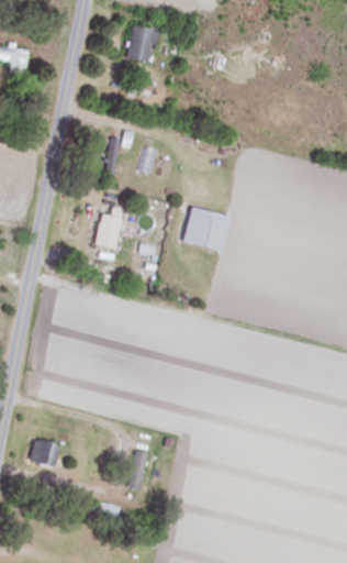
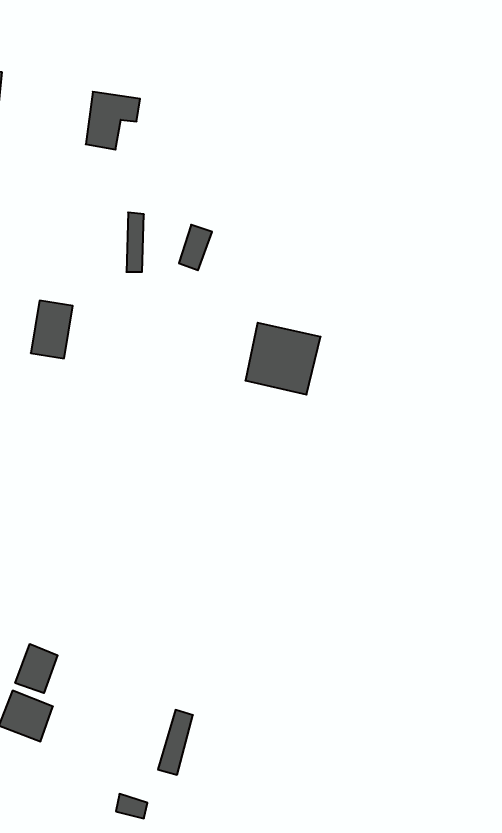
building: [127,25,161,62] -> [86,92,140,150]
building: [94,213,121,250] -> [31,301,73,358]
building: none -> [15,644,58,693]

